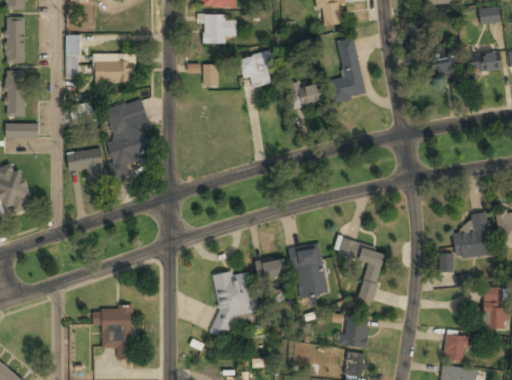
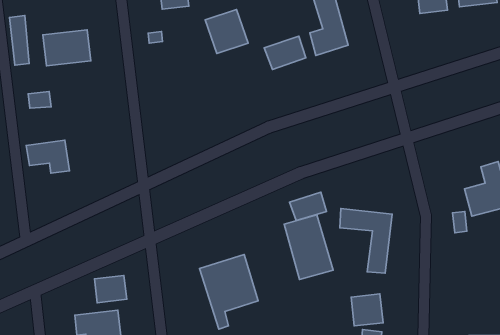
building: [201,64,218,85] -> none
building: [104,98,149,178] -> none
building: [255,257,287,280] -> [289,192,326,221]
building: none -> [94,276,127,303]
building: [444,333,467,361] -> none

